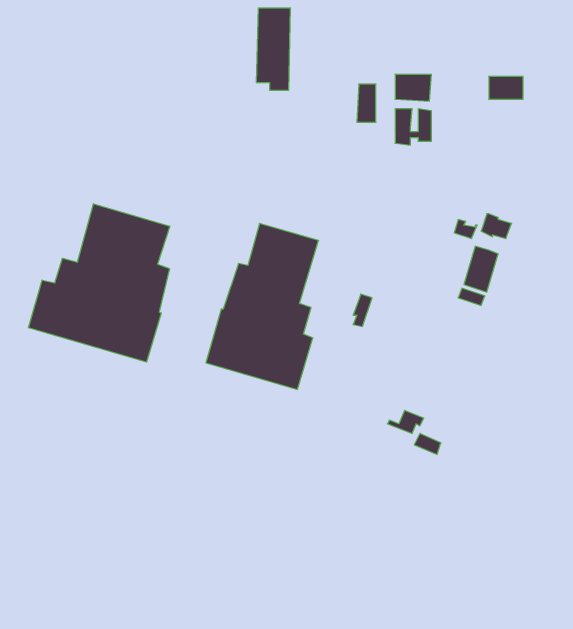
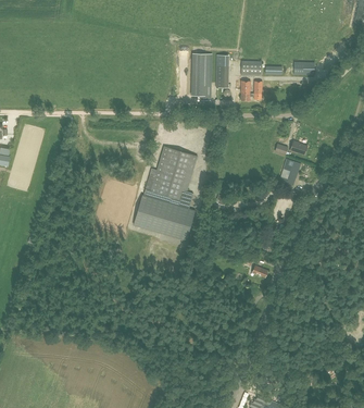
building: [256,8,291,90] -> [191,53,211,100]
building: [28,204,170,362] -> none

